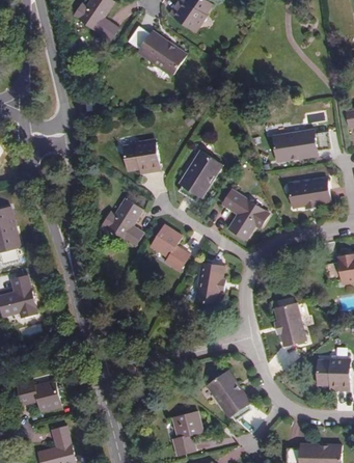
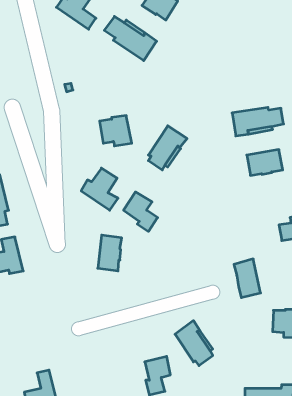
building: [223,189,268,239] -> none
building: [195,263,222,303] -> [98,235,122,271]
building: [16,380,60,410] -> none

